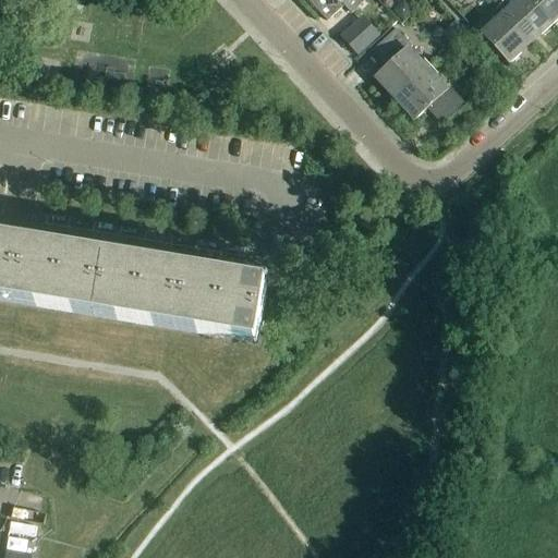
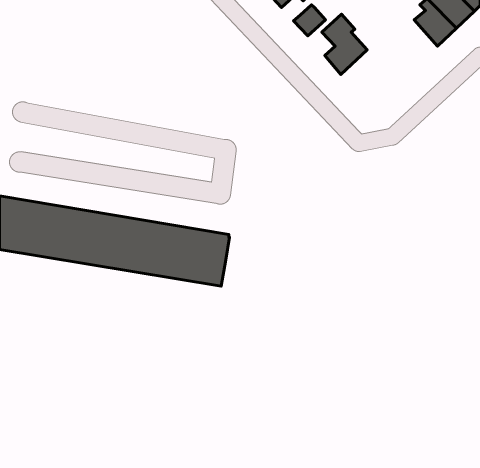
building: [395,58,463,112] -> none

